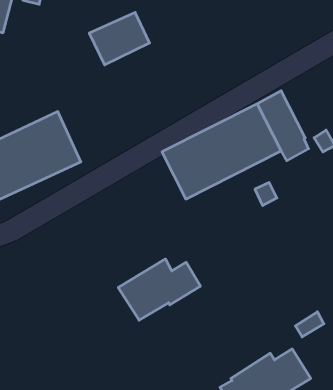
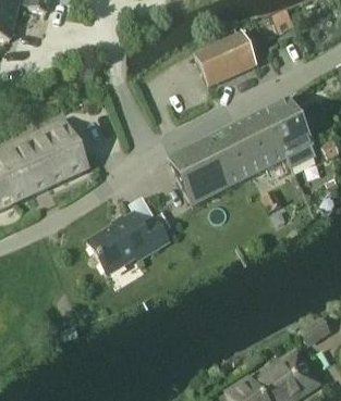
building: [89,12,150,65] -> [195,34,255,86]
building: [118,259,200,320] -> [87,211,169,272]

